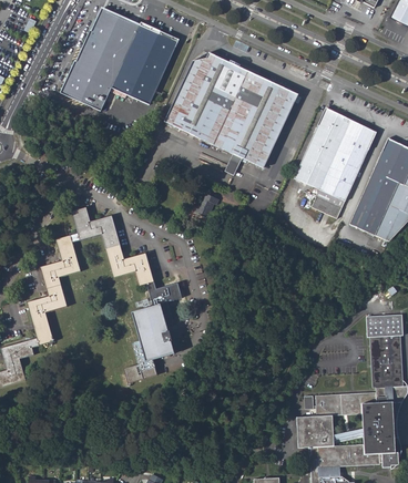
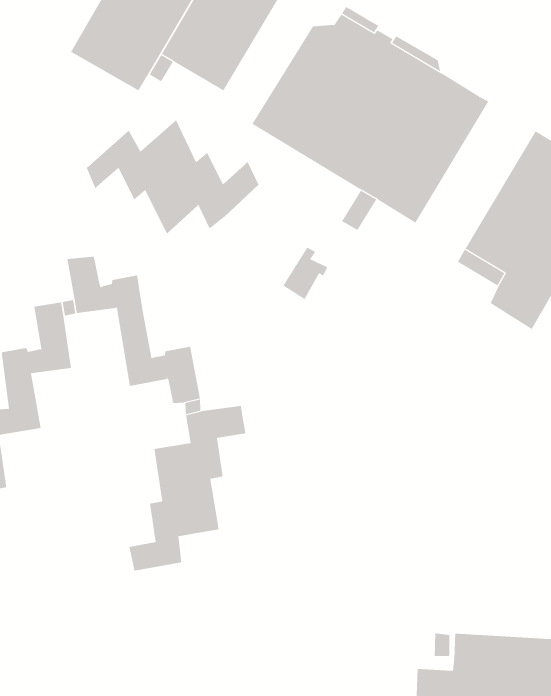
building: none -> [86,119,259,234]

